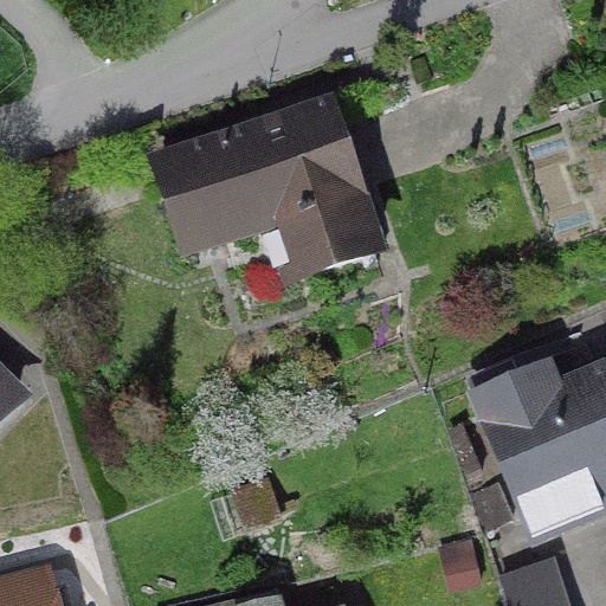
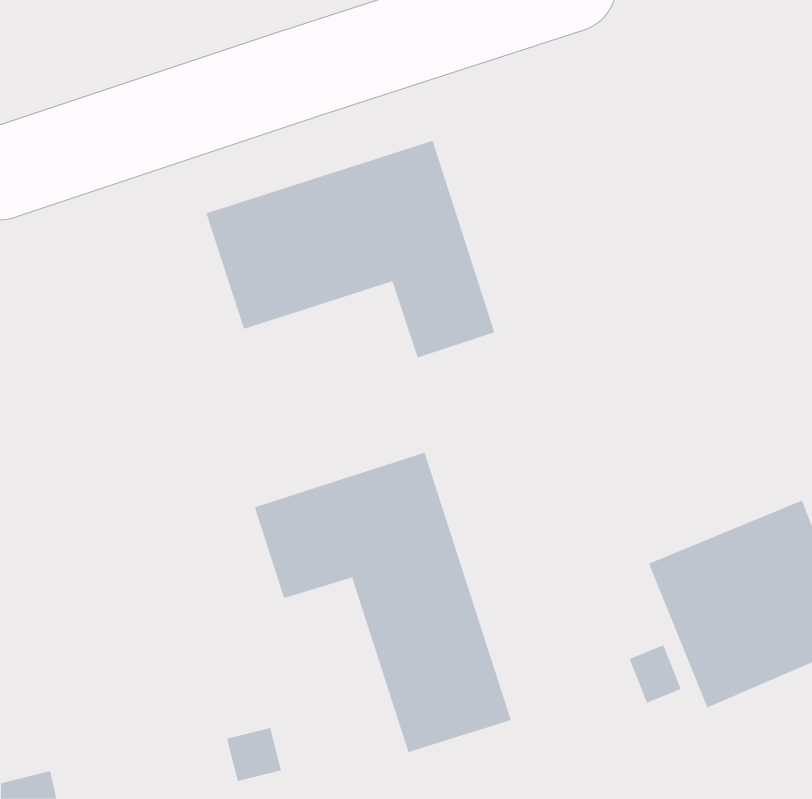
building: none -> [254,452,512,753]

